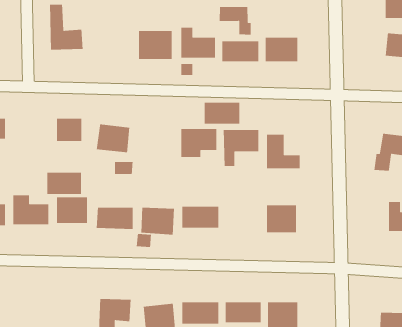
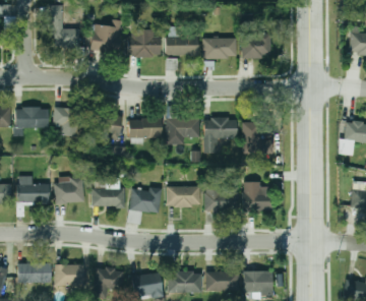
building: [219,6,251,35] -> none
building: none -> [90,24,122,53]
building: [204,102,240,125] -> [129,117,162,137]
building: [46,172,82,195] -> [16,108,48,128]
building: none -> [205,184,238,212]
building: none -> [17,263,51,284]
building: none -> [55,264,84,289]

